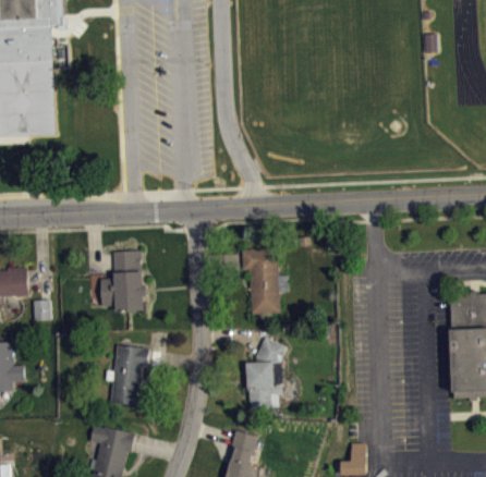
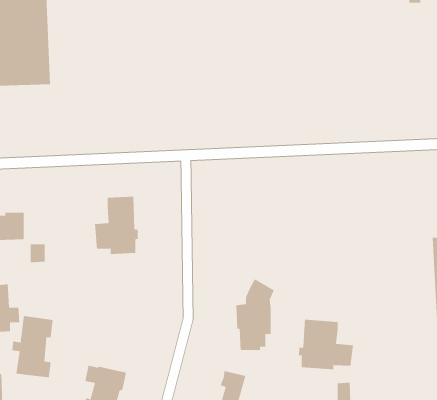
building: [241,249,288,315] -> none
building: [105,343,148,407] -> [11,316,54,378]
building: none -> [299,319,354,370]

